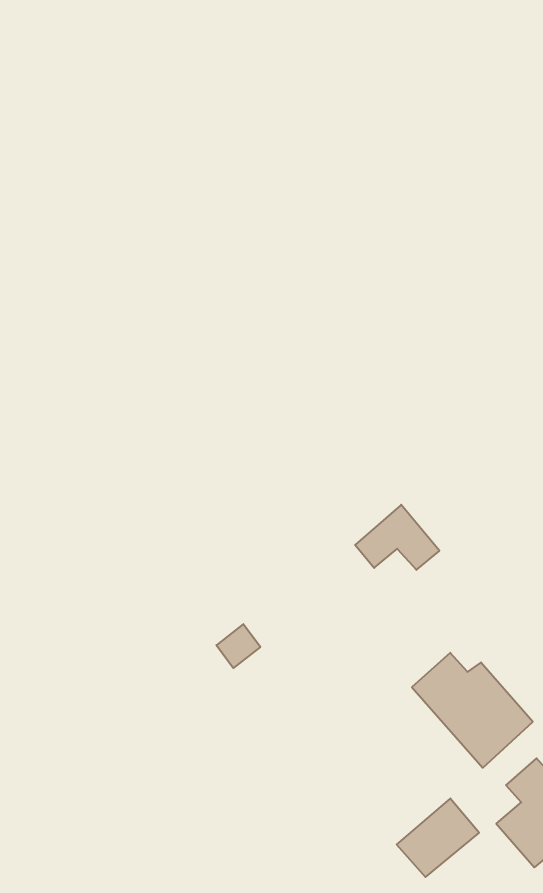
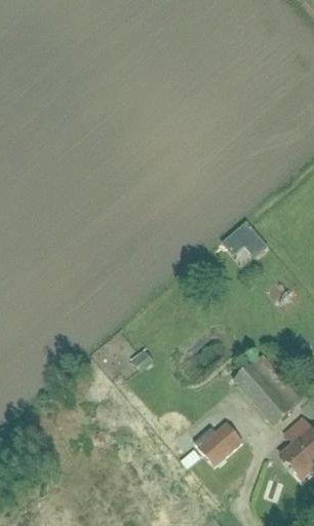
building: [355,505,439,570] -> [222,221,267,256]
building: [397,798,479,877] -> [198,422,242,464]

